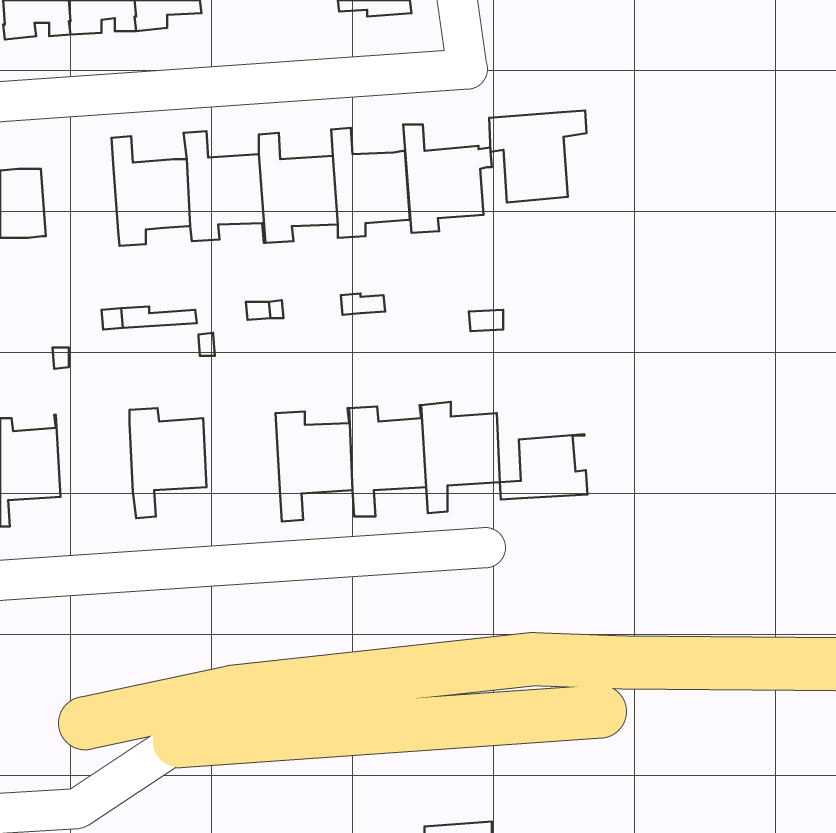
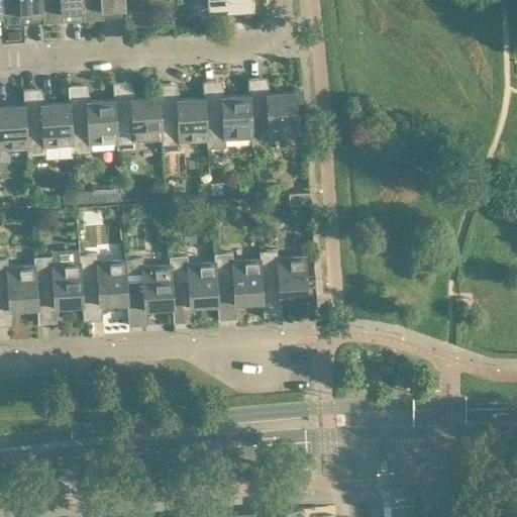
building: [489,111,586,203] -> none
building: none -> [25,90,74,157]
building: none -> [35,255,83,325]
building: none -> [126,257,174,327]
building: [500,434,587,500] -> none

